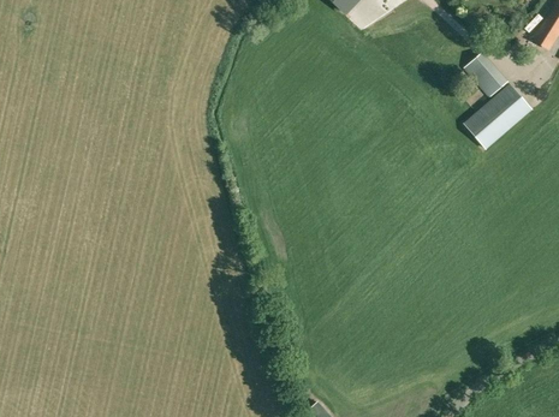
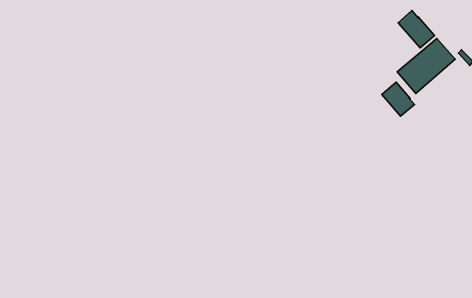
building: none -> [382,82,415,116]

